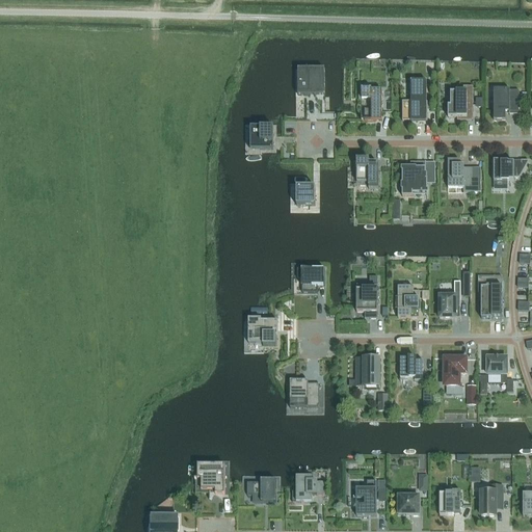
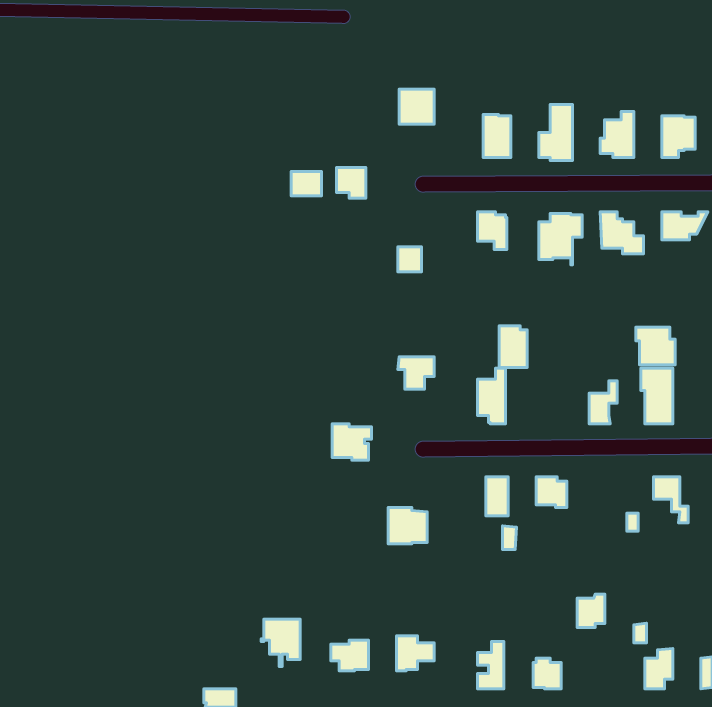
building: none -> [291,171,322,196]
building: none -> [636,327,675,365]
building: [397,285,418,316] -> [499,326,527,368]
building: [442,355,466,384] -> none
building: [438,488,459,513] -> [577,594,605,628]

